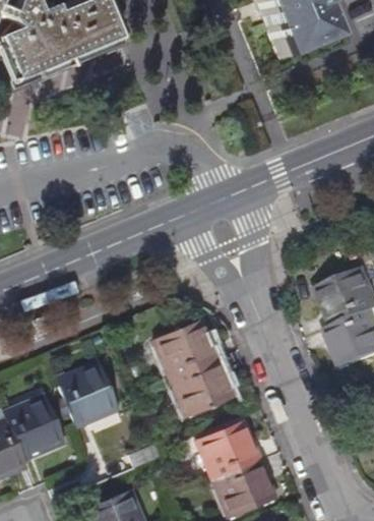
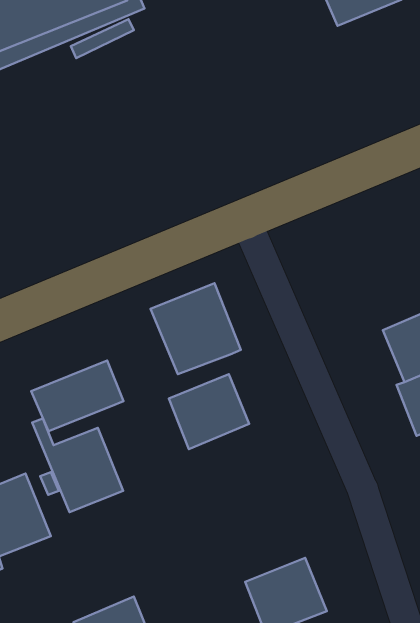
building: none -> [151,283,241,374]
building: none -> [31,360,123,431]
building: [169,358,231,415] -> none
building: [195,421,257,478] -> none

